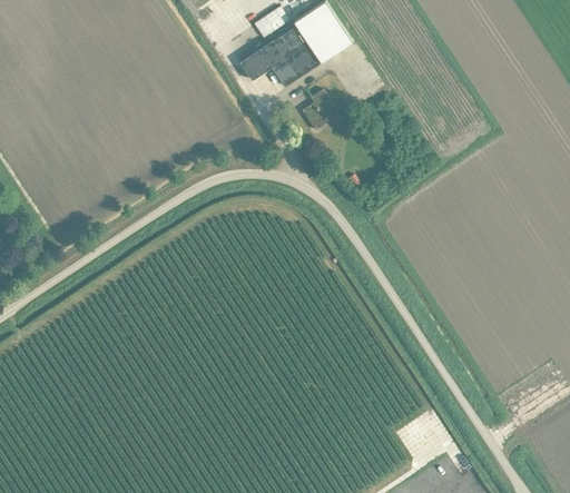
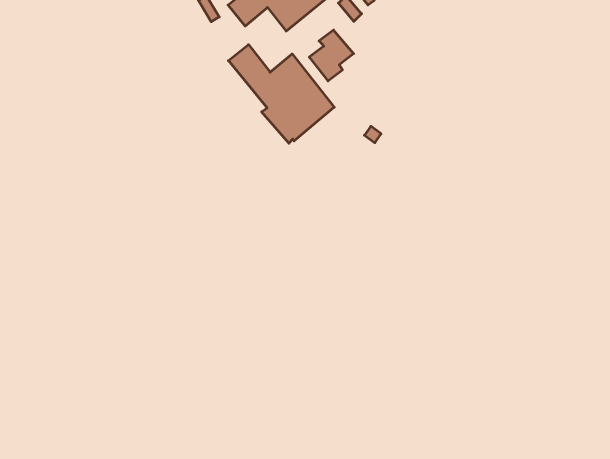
building: none -> [228,45,334,143]

